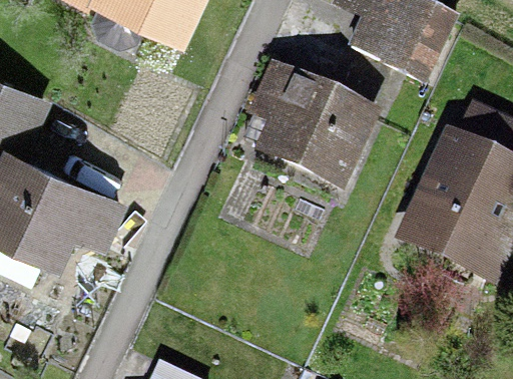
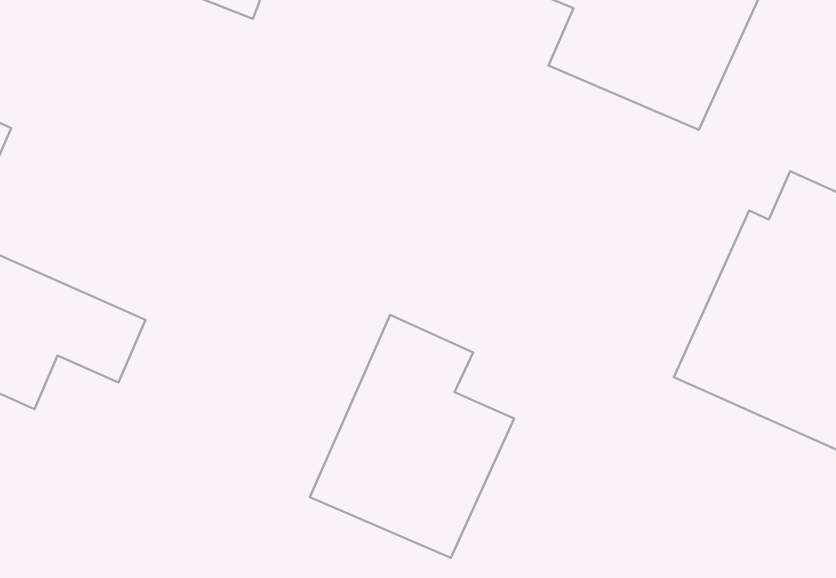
building: [256,87,367,196] -> none
building: none -> [310,315,514,558]

